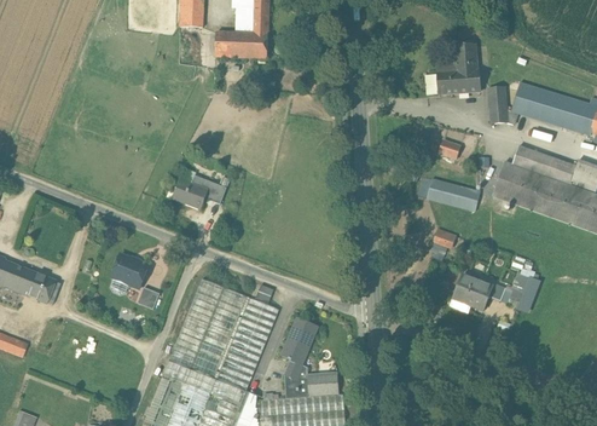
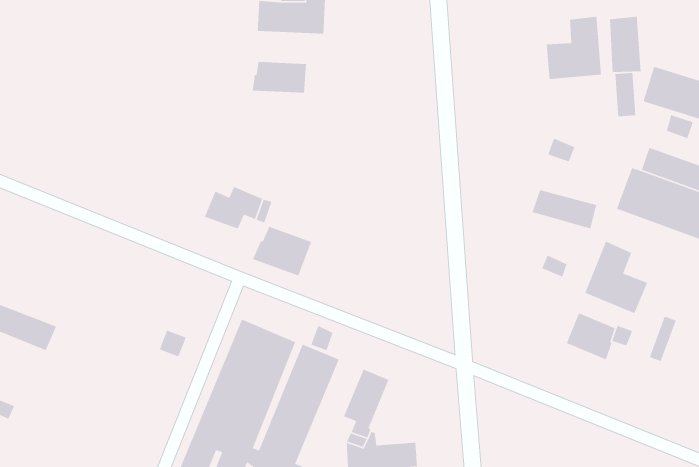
building: none -> [609,16,642,73]
building: none -> [252,61,307,94]
building: none -> [252,226,312,276]
building: none -> [584,241,648,314]
building: [111,254,149,288] -> none

